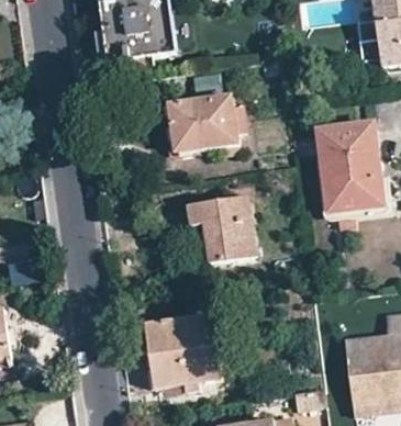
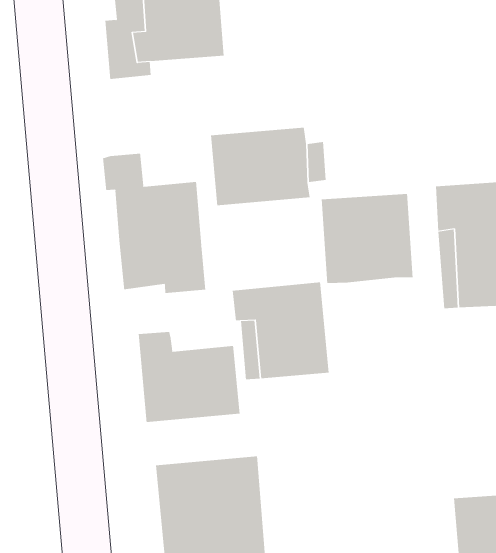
building: none -> [102,153,206,294]
building: none -> [321,193,413,284]
building: none -> [138,331,240,423]

